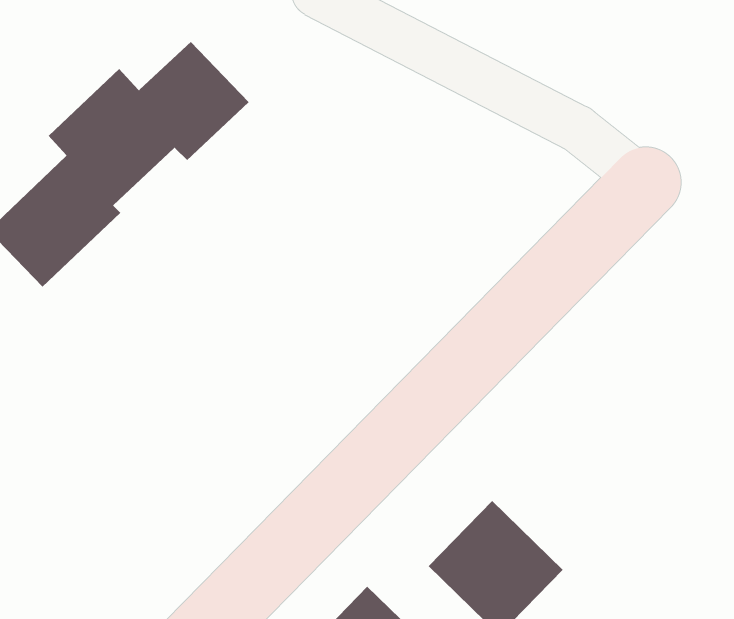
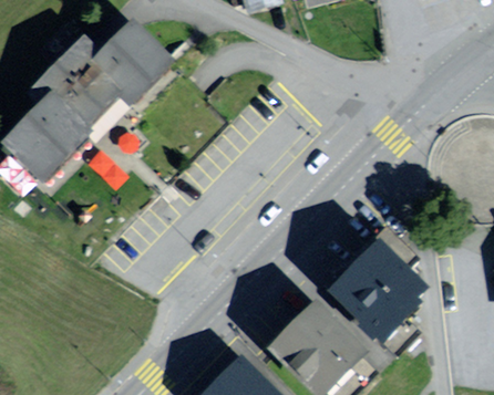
building: none -> [330,235,423,342]

